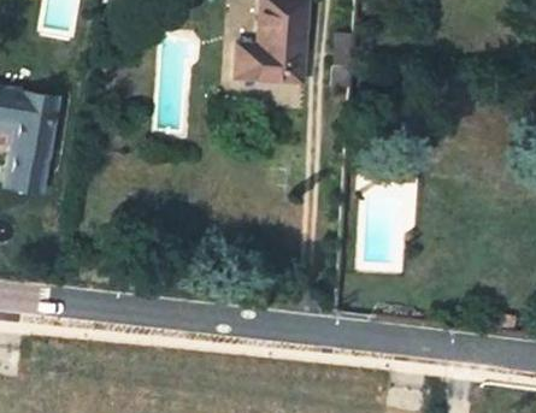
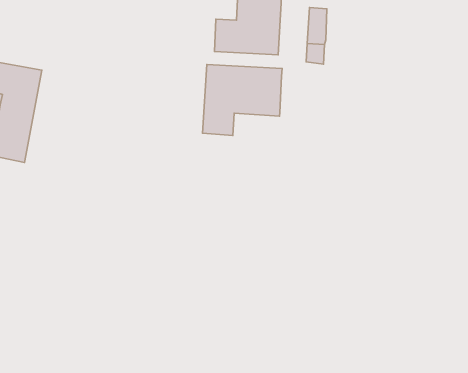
building: none -> [203,64,282,136]

